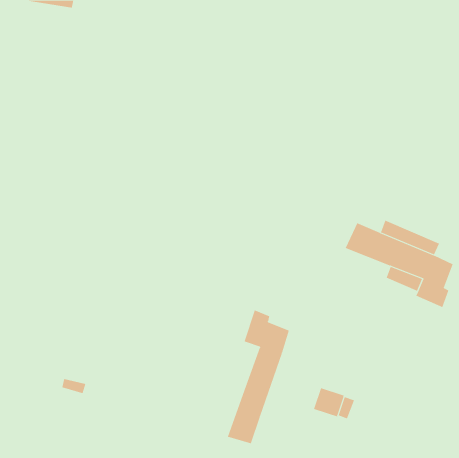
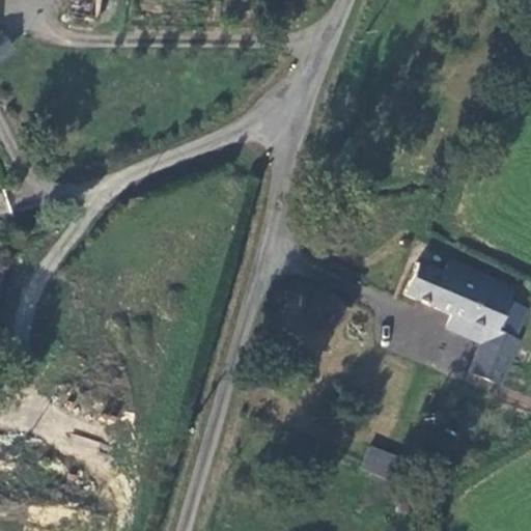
building: none -> [470,344,511,383]
building: [227,310,289,444] -> none

